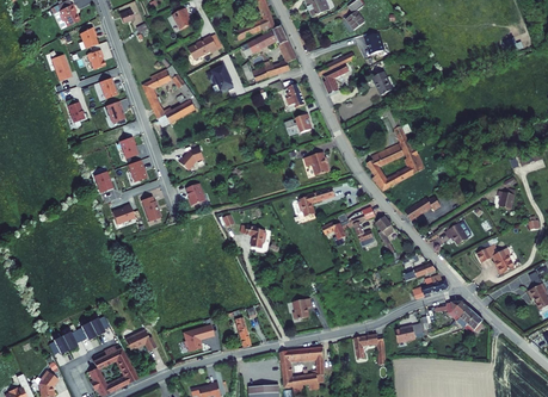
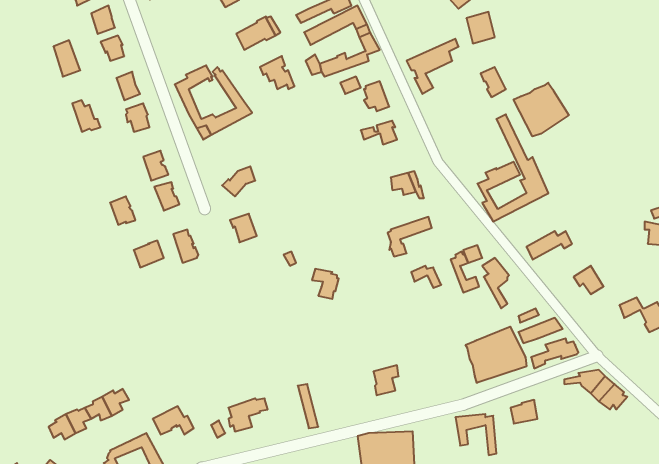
building: none -> [514,83,569,136]
building: none -> [466,327,526,383]

